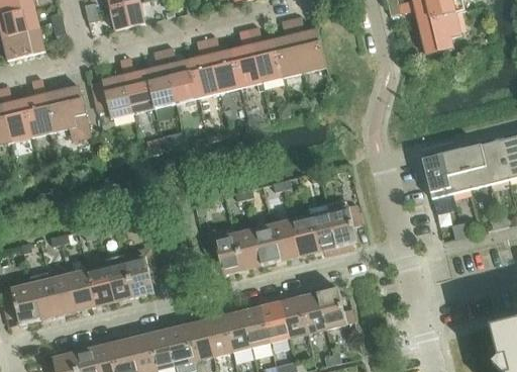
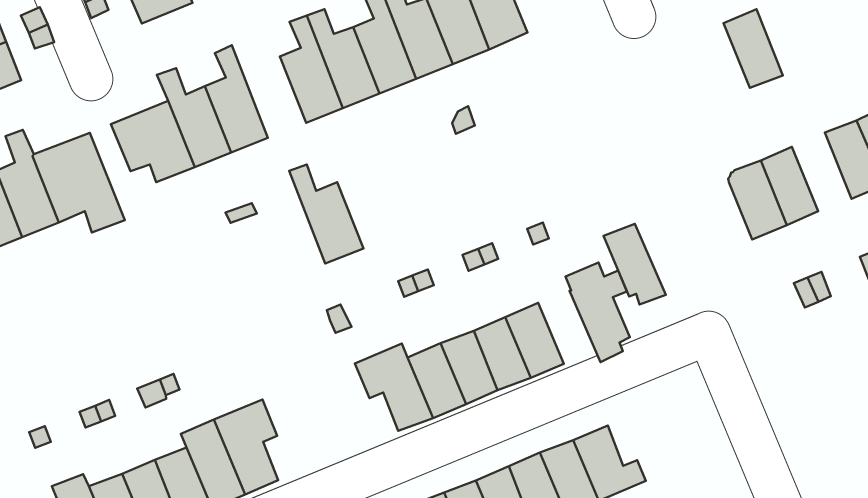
building: [164,48,198,103] -> [289,164,363,263]
building: [461,146,490,188] -> [724,9,783,88]
building: [310,211,339,256] -> [604,224,666,304]

